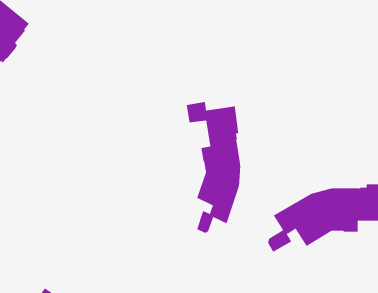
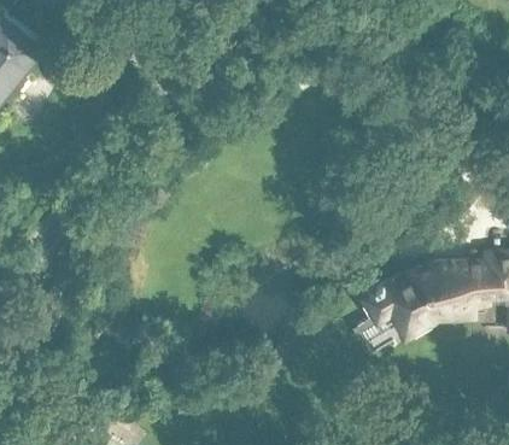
building: [186,101,241,233] -> none

